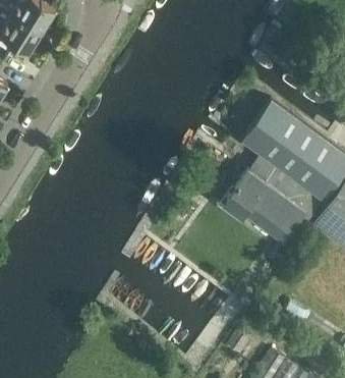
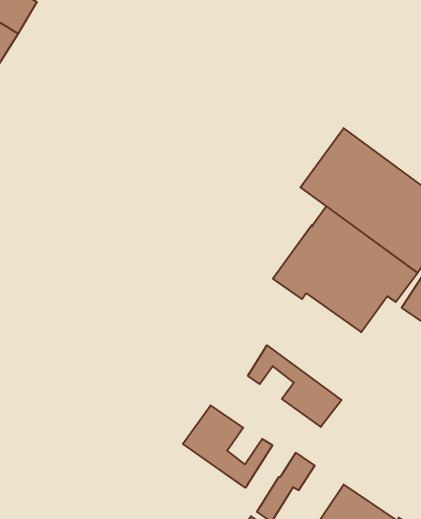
building: none -> [248,345,342,427]
building: none -> [183,405,272,488]

